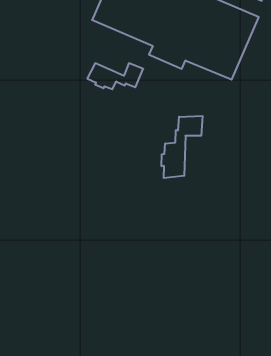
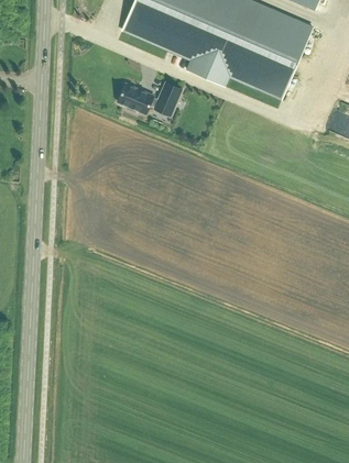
building: [162,116,202,178] -> none

